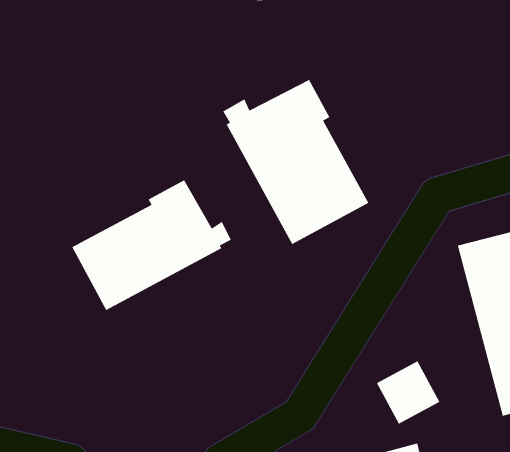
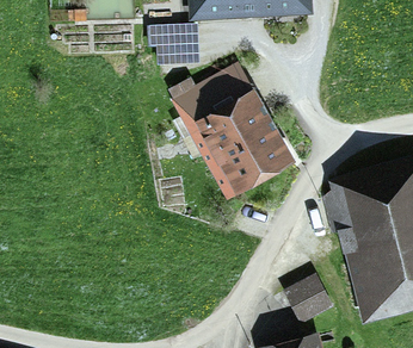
building: none -> [149,26,196,64]
building: [71,179,232,311] -> none

